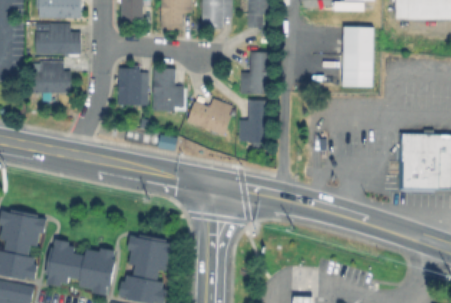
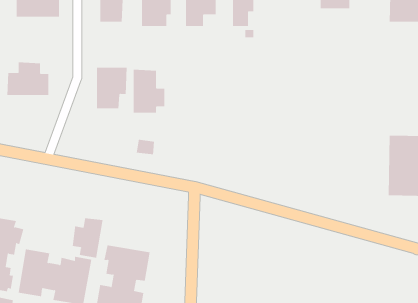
building: [36,22,83,54] -> none
building: [340,26,372,85] -> none
building: [241,51,273,93] -> none
building: [186,97,235,136] -> none
building: [239,99,271,140] -> none
building: none -> [72,218,103,258]

